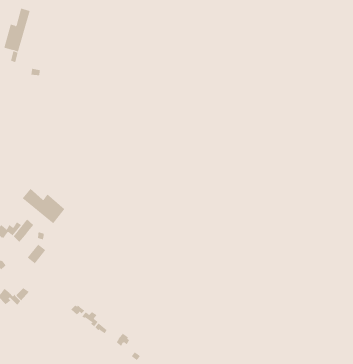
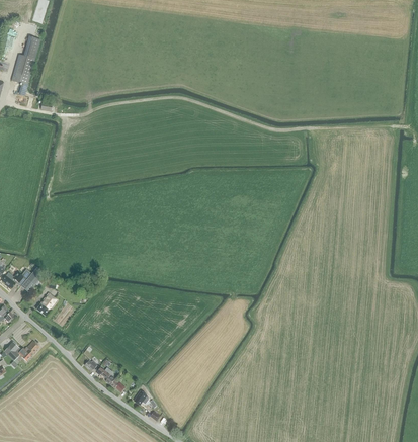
building: [22,188,65,224] -> none

